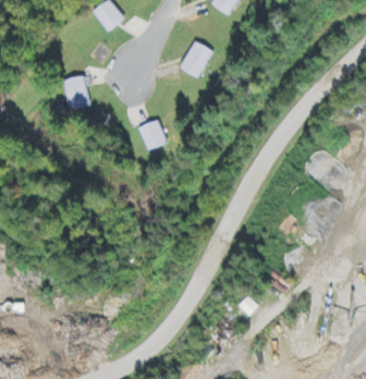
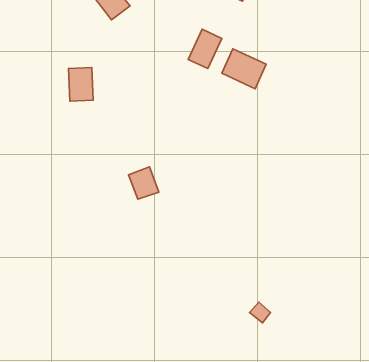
building: none -> [222,49,266,89]
building: [137,120,166,150] -> [129,167,159,199]

